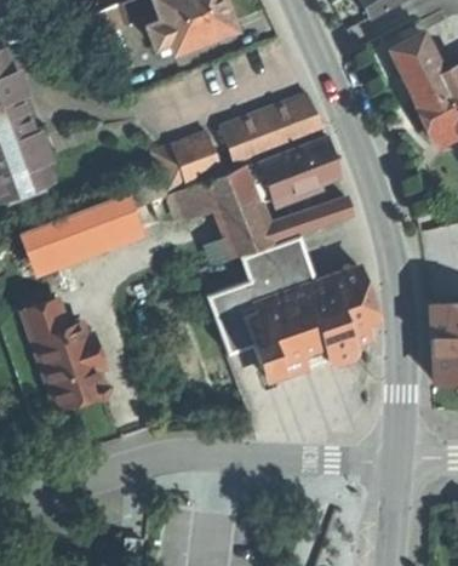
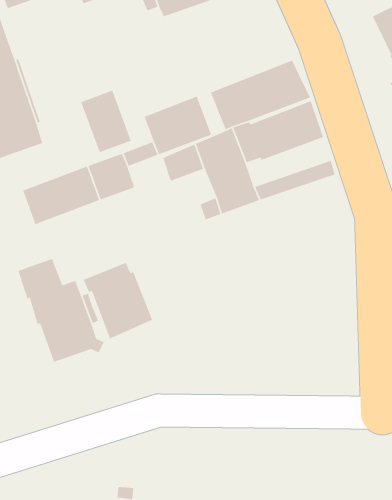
building: none -> [80,89,132,153]
building: [207,236,371,376] -> none
building: none -> [83,262,153,339]

